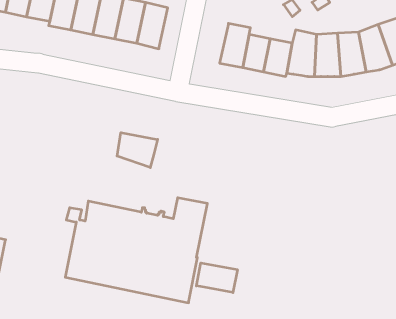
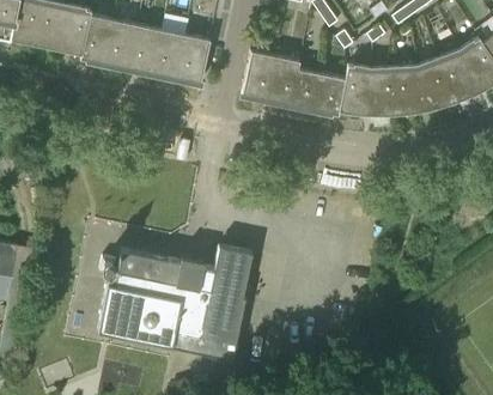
building: none -> [242,50,275,99]
building: [117,133,158,168] -> none
building: [196,263,237,293] -> none

